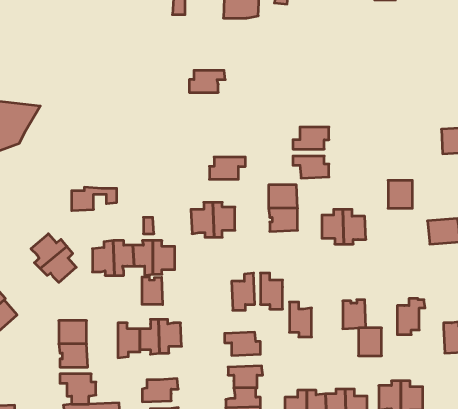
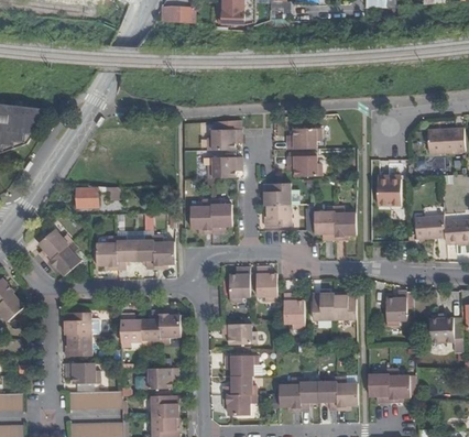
building: [189,70,225,92] -> [207,129,241,150]
building: [142,277,163,305] -> none
building: [358,328,382,356] -> [312,293,334,319]

